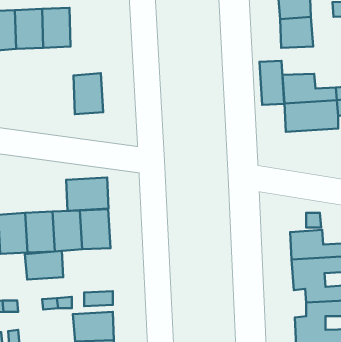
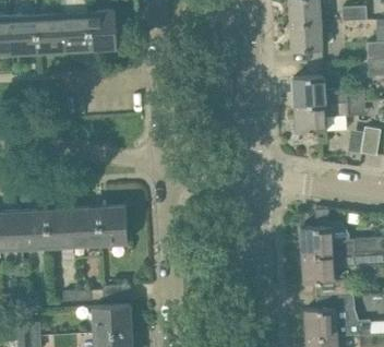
building: [259,61,284,105] -> none
building: [74,73,103,114] -> [88,11,117,50]
building: [66,177,108,211] -> none
building: [25,251,63,279] -> none

